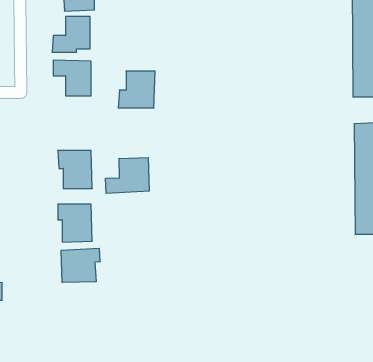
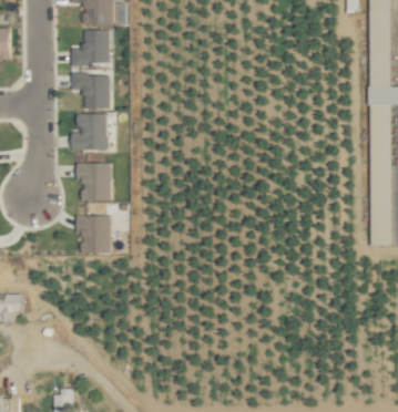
building: [118,71,155,108] -> [71,113,108,150]
building: [106,158,149,193] -> none
building: [61,248,100,283] -> none

